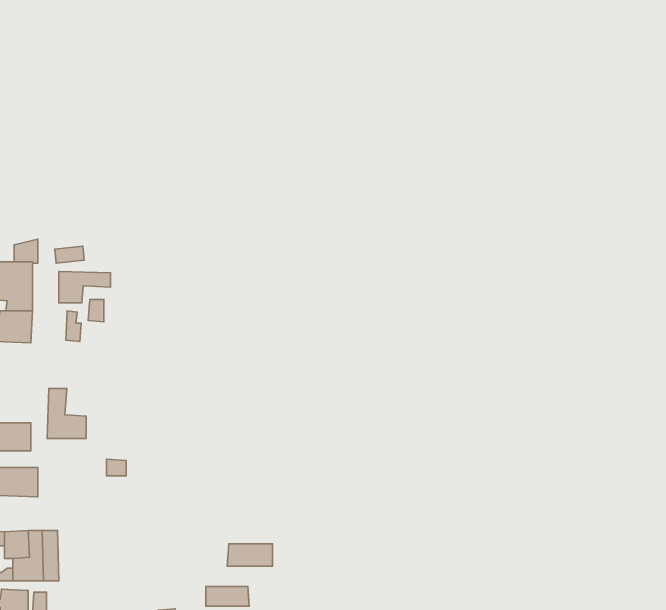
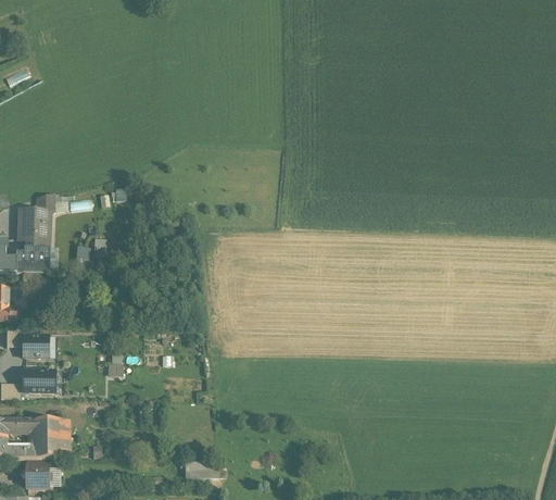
building: [59,272,110,303] -> none
building: [47,388,86,439] -> none
building: [227,544,273,566] -> none

